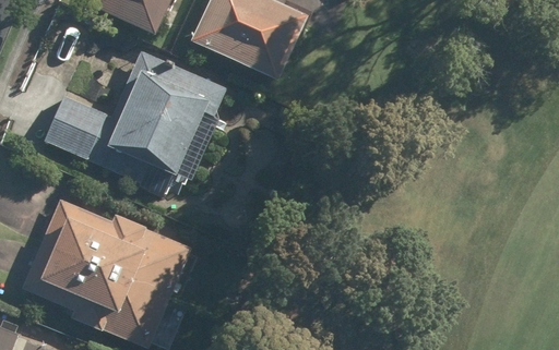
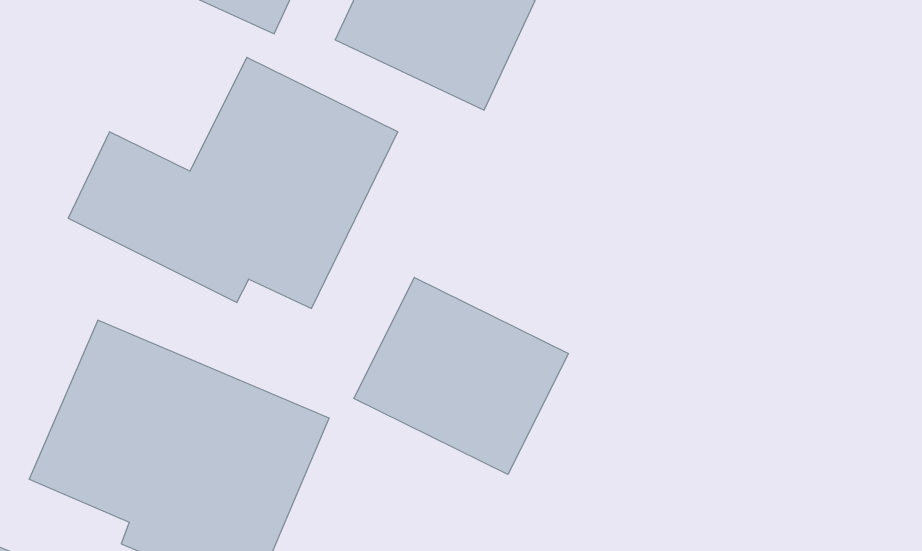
building: none -> [354,277,569,474]

